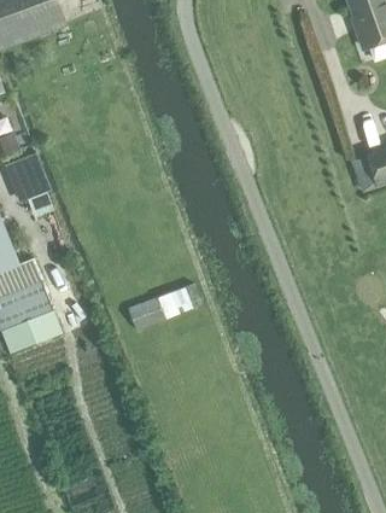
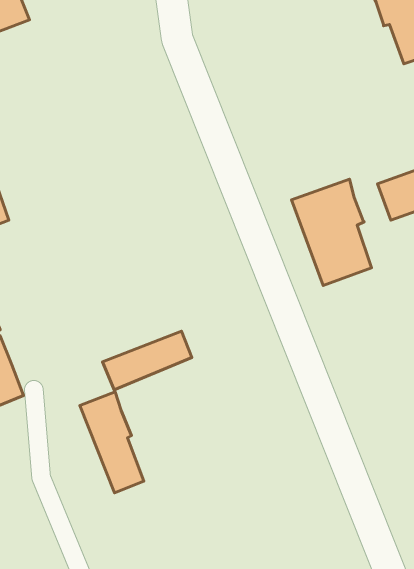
building: none -> [292,179,372,285]
building: none -> [80,392,144,493]

